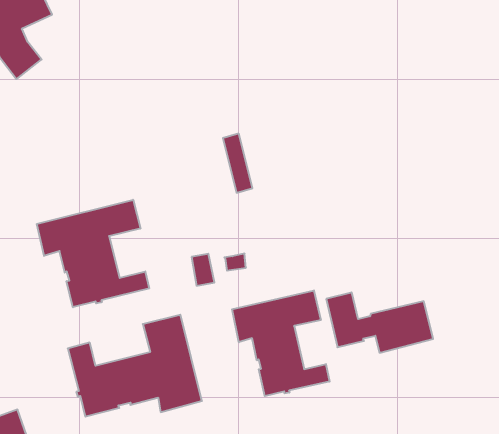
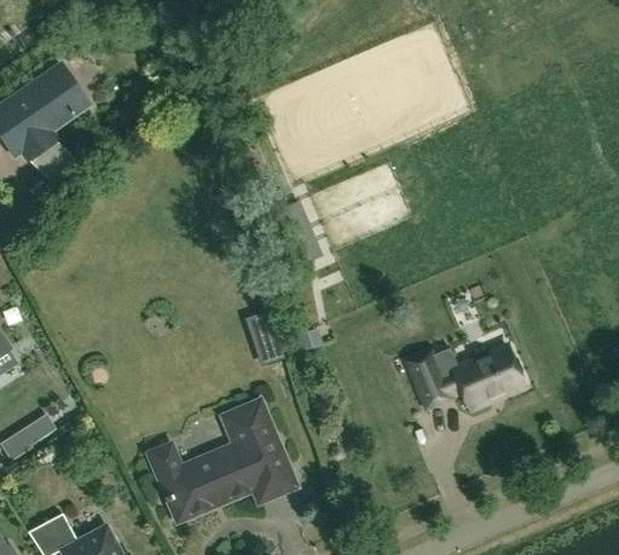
building: [37,200,149,307] -> none
building: [232,290,330,396] -> none

